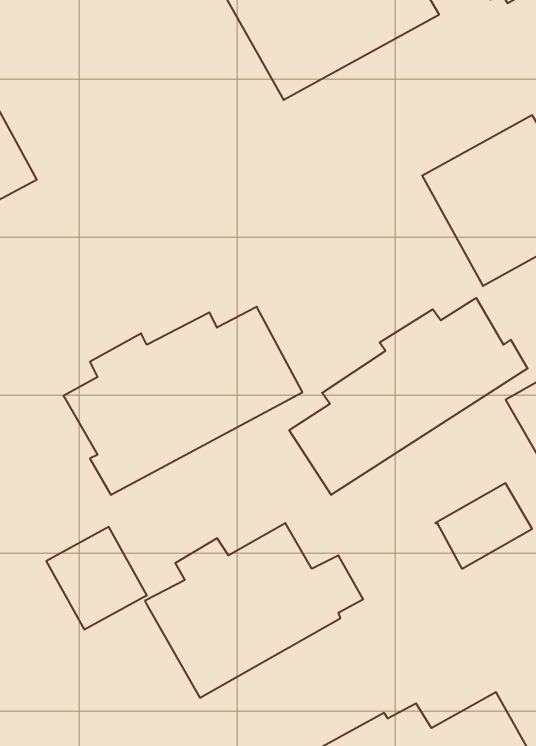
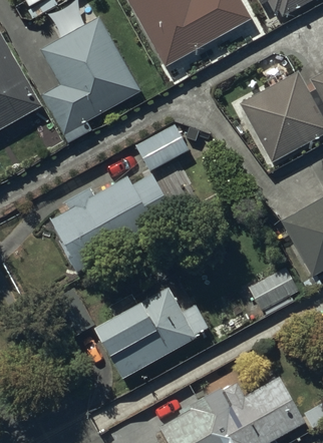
building: none -> [44,20,138,140]
building: none -> [134,123,190,171]
building: [289,298,528,495] -> none

